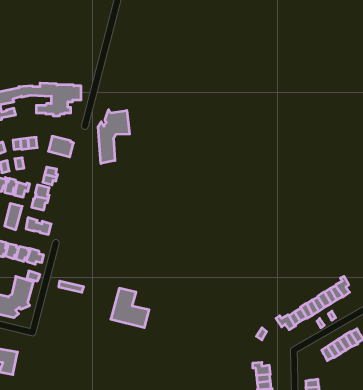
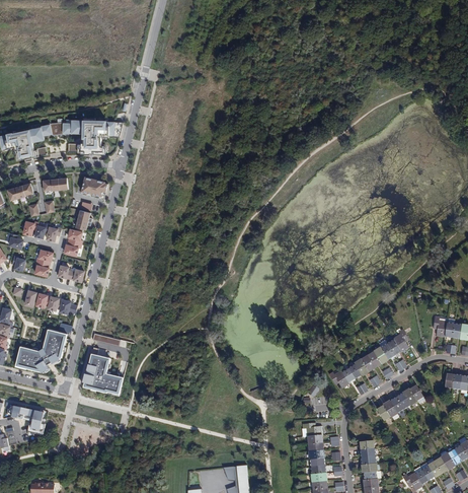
building: [98,110,130,164] -> none
building: [111,288,149,328] -> [81,353,123,396]

